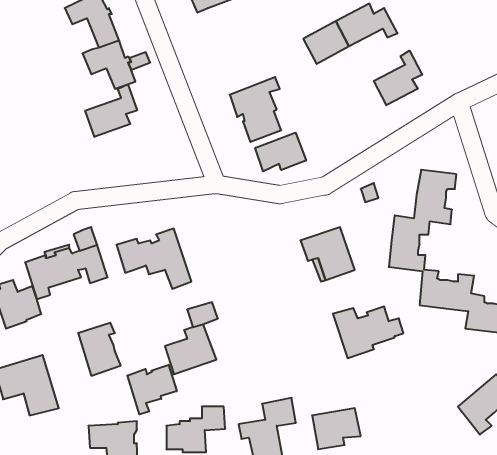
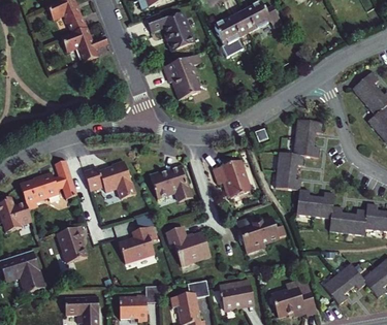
building: none -> [144,12,191,52]
building: [374,51,422,105] -> none
building: [85,84,137,137] -> none
building: [255,133,306,171] -> none
building: none -> [150,167,192,202]
building: none -> [165,226,209,266]
building: [127,365,177,414] -> none
building: none -> [269,277,316,315]

